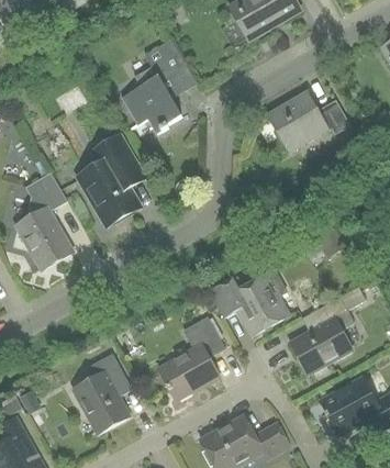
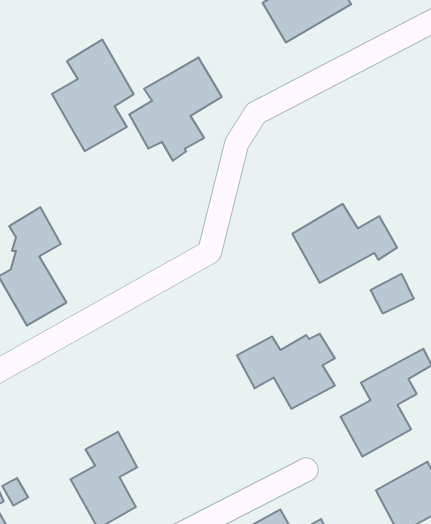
building: [266,89,350,153] -> [292,204,397,283]
building: [79,134,145,224] -> [52,40,134,151]
building: [158,316,225,399] -> none

